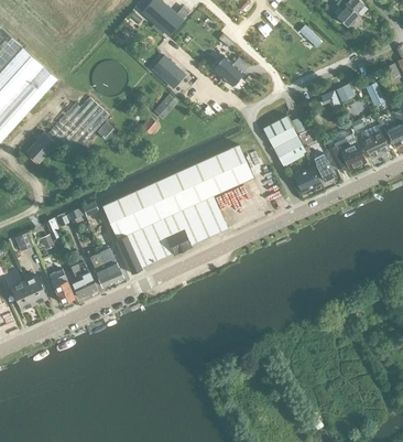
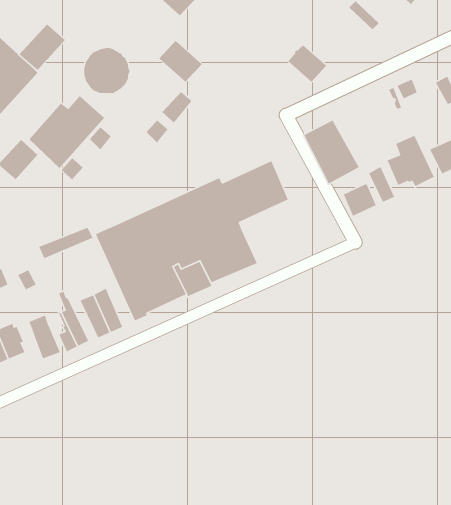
building: none -> [19,23,66,71]
building: [213,55,243,85] -> [288,44,327,83]

